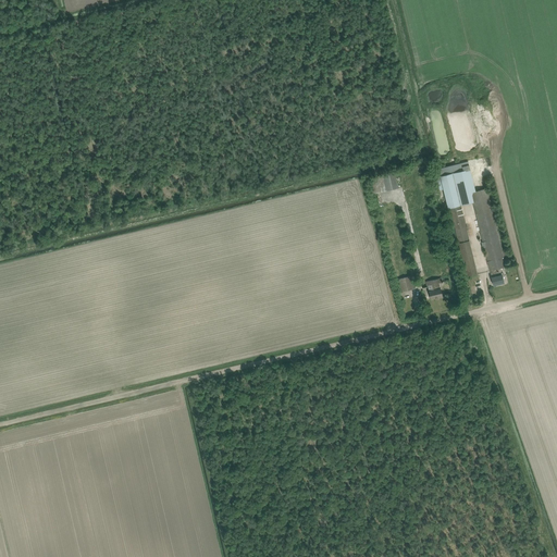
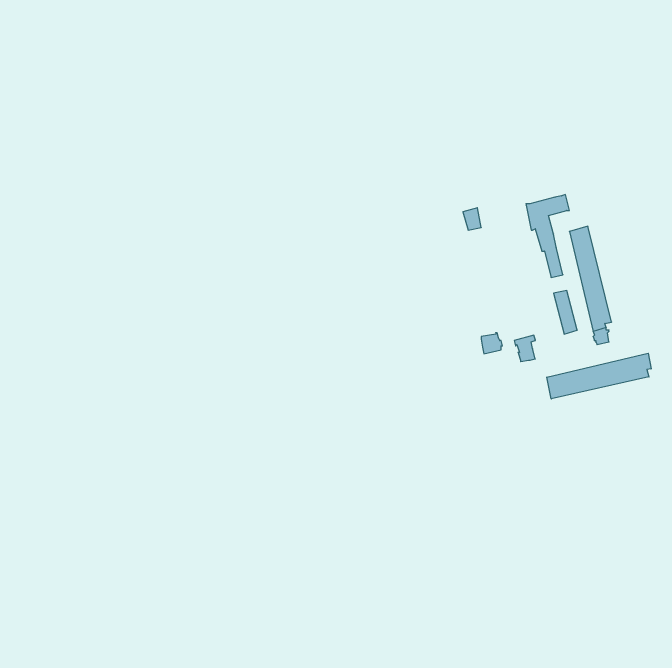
building: none -> [547,353,651,399]

